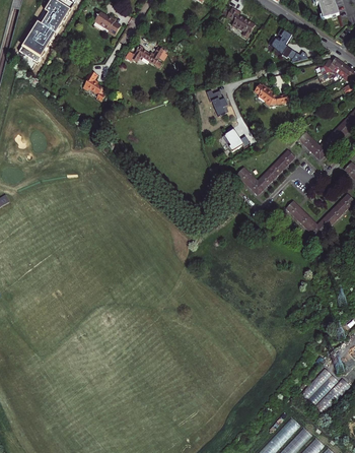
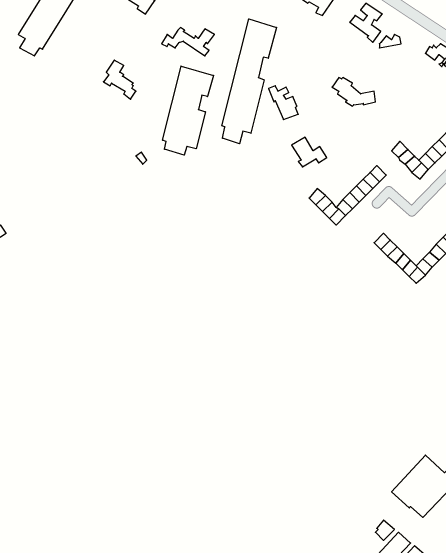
building: none -> [222,19,277,144]
building: none -> [163,66,214,155]

